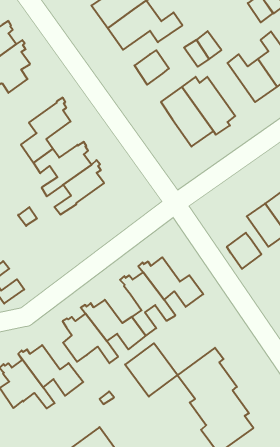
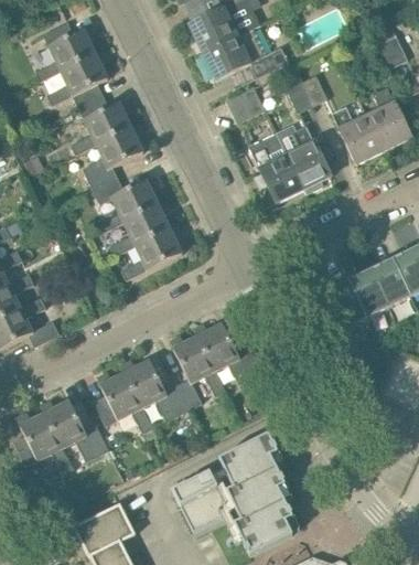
building: none -> [71,95,131,154]
building: none -> [121,224,182,279]
building: [227,233,261,269] -> none
building: [125,343,178,397] -> [172,473,229,533]

